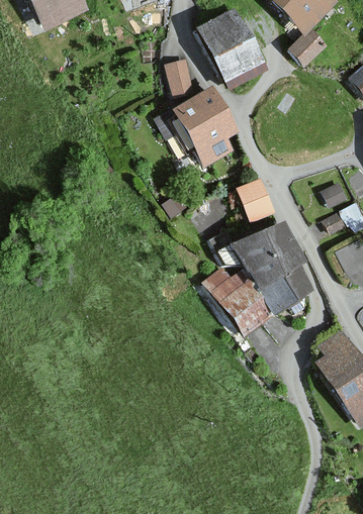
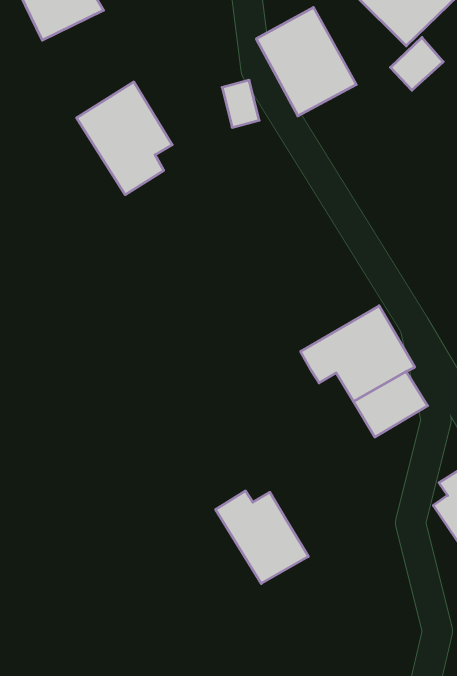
building: [170,88,238,168] -> [77,82,172,195]
building: [239,180,275,220] -> none
building: [211,266,277,331] -> [216,491,308,584]

